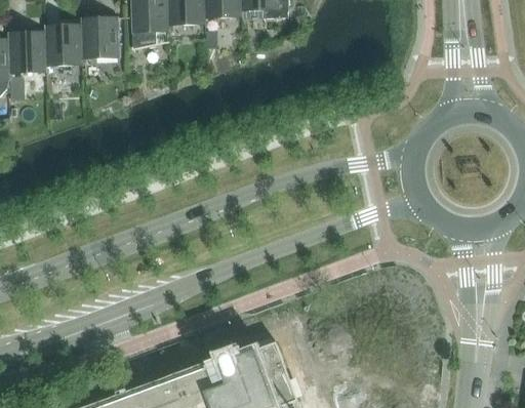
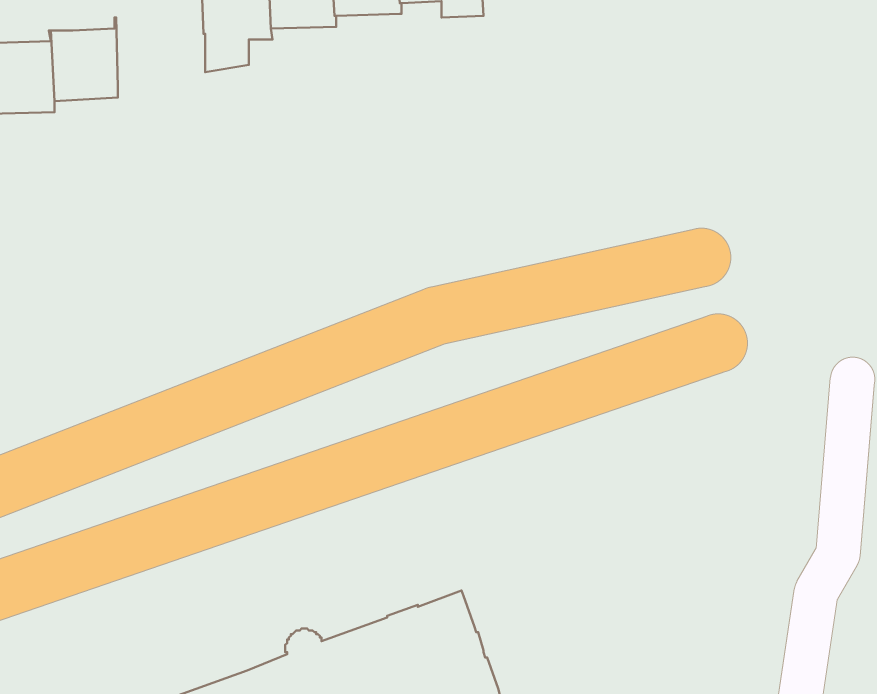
building: [81,16,119,56] -> none

